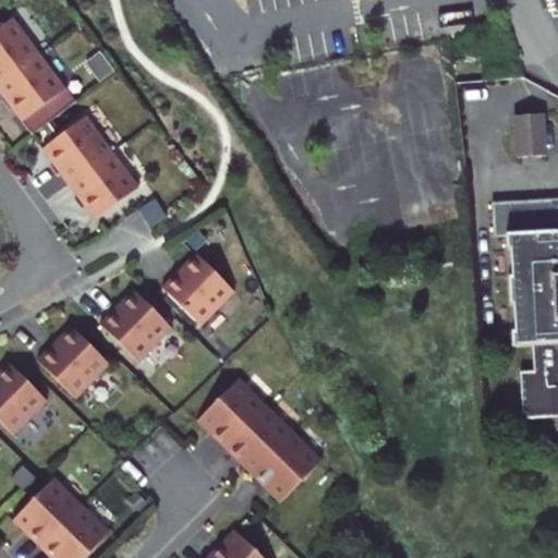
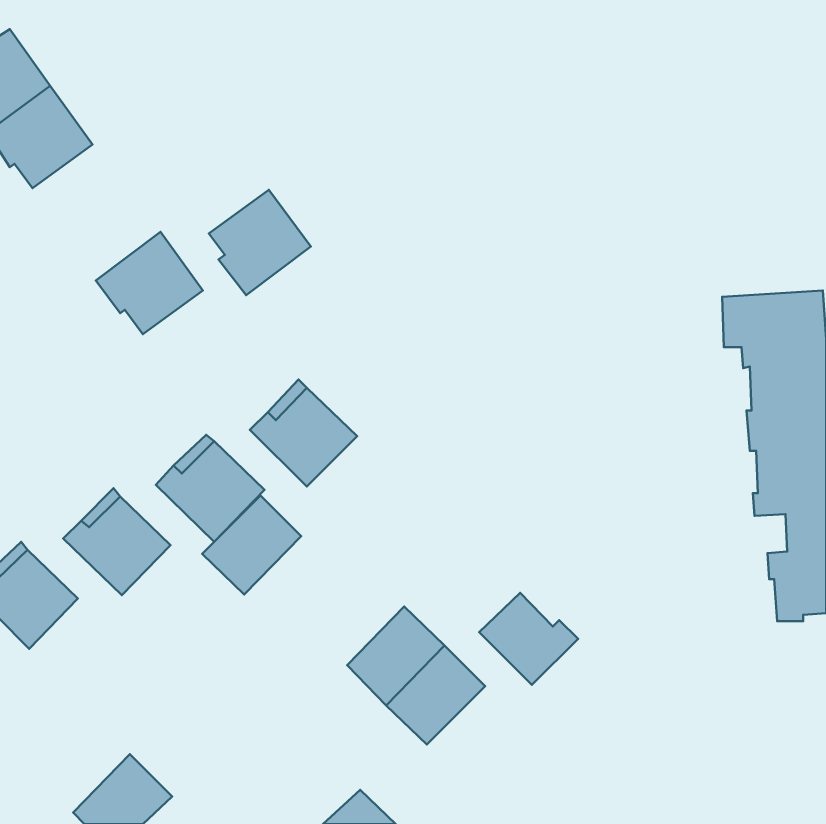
building: [507,111,538,155] -> none
building: [39,118,108,189] -> [209,190,311,295]
building: [205,380,271,447] -> [202,495,301,594]
building: none -> [479,593,578,685]
building: [20,478,87,546] -> none

